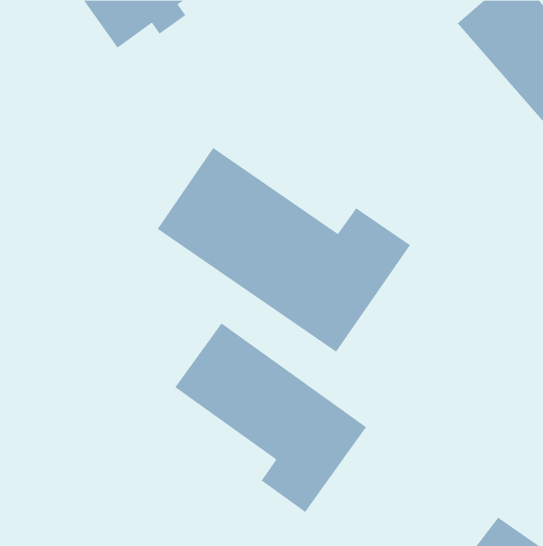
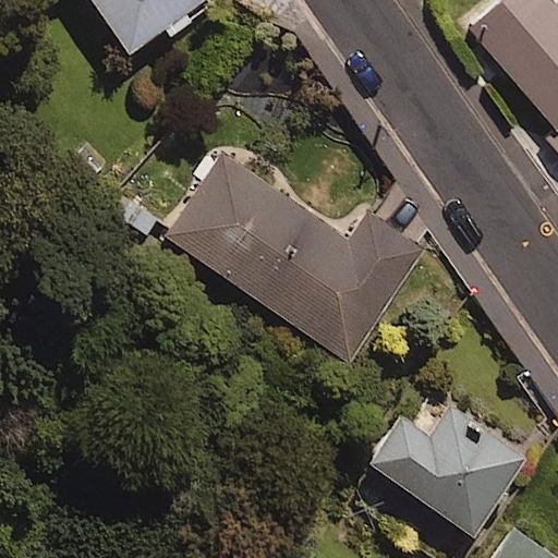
building: [174,323,367,513] -> none
building: none -> [366,395,527,536]

